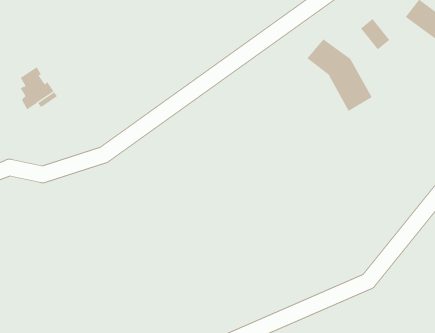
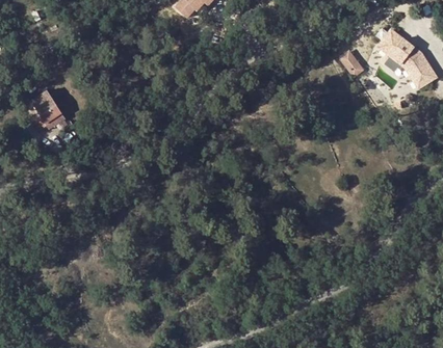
building: [306,38,373,112] -> none

